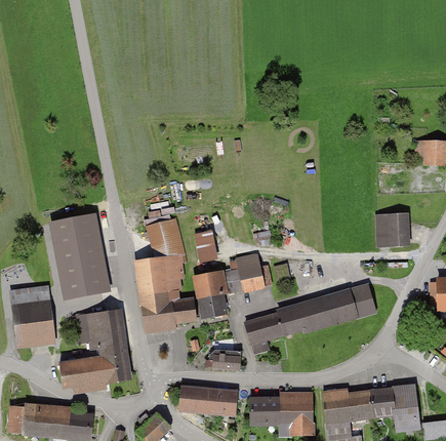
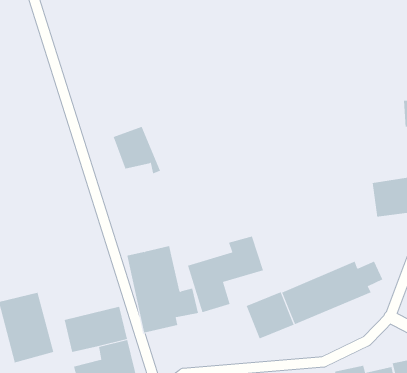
building: [45,213,109,302] -> none
building: [145,217,187,264] -> [113,126,161,174]
building: [192,228,219,263] -> none
building: [212,353,243,372] -> none

